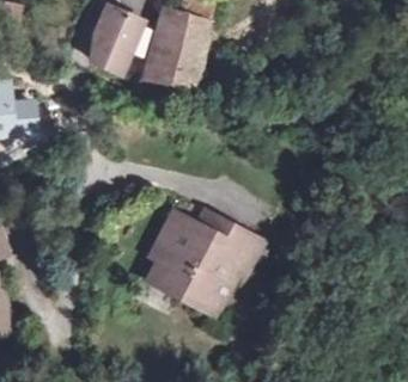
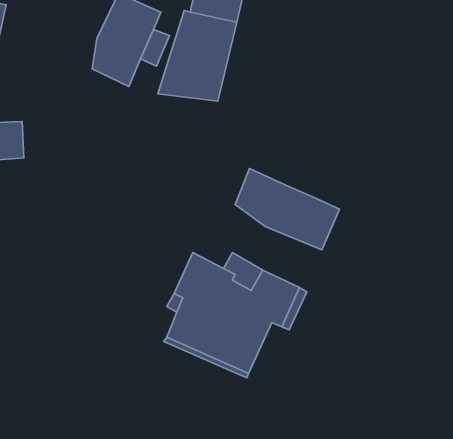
building: none -> [235,169,339,250]

